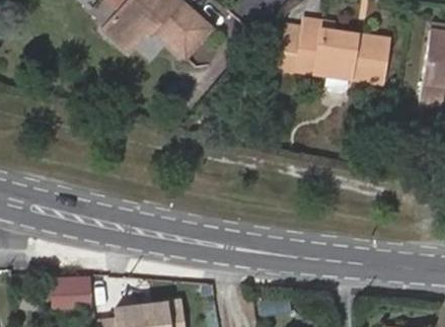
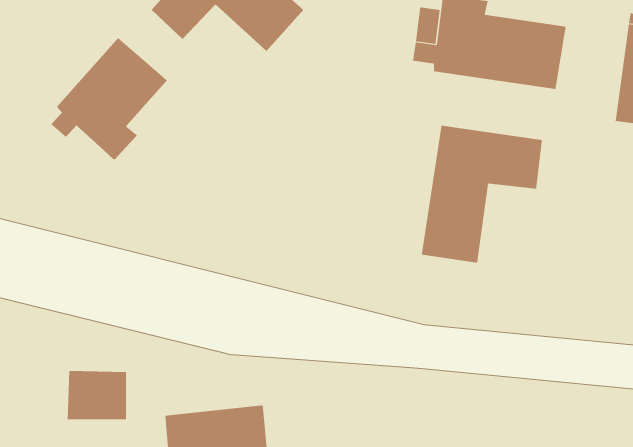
building: none -> [51,37,168,160]
building: none -> [421,125,542,263]

